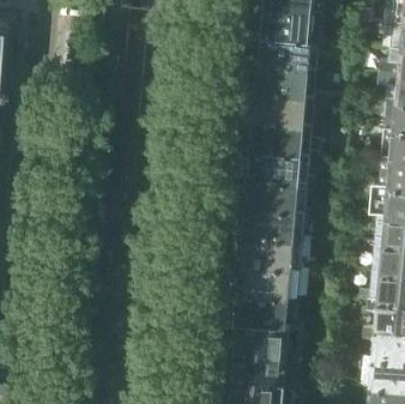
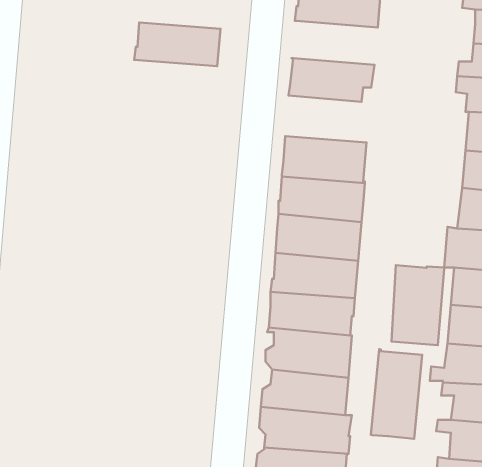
building: [258,36,321,68] -> [134,22,220,66]
building: [253,91,316,126] -> none
building: none -> [391,265,444,345]
building: none -> [371,349,422,439]

